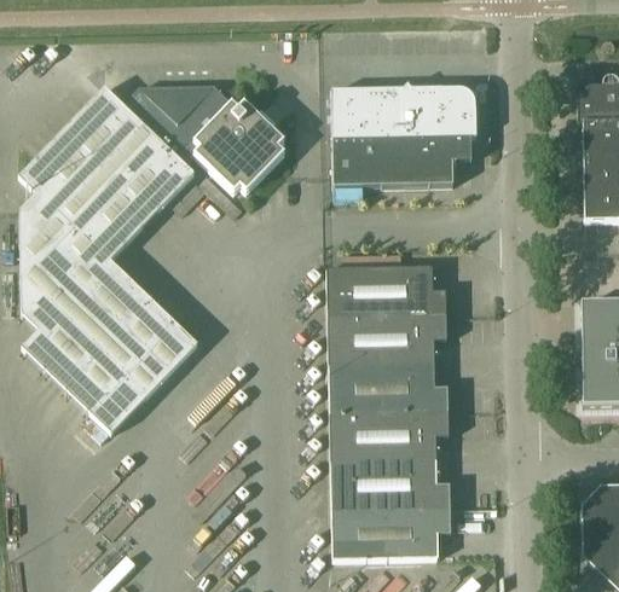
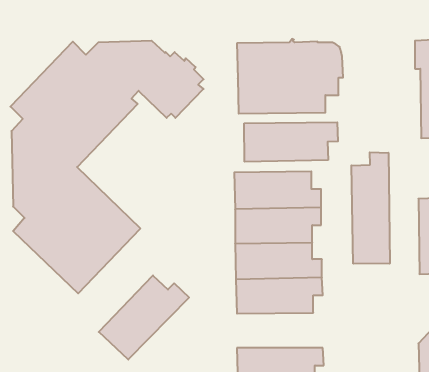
building: none -> [244,122,338,162]
building: none -> [351,152,390,264]
building: none -> [99,275,189,360]
building: [331,459,450,507] -> none

